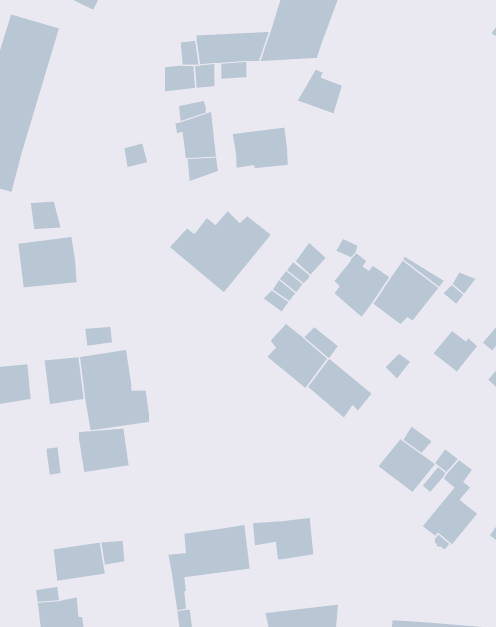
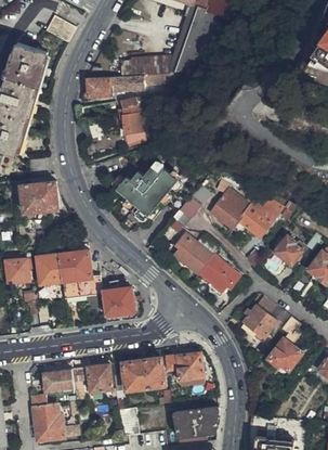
building: none -> [82,77,110,99]
building: [297,69,343,114] -> none
building: [232,127,288,169] -> none
building: [78,428,129,472] -> [102,288,133,316]
building: none -> [88,364,113,393]

